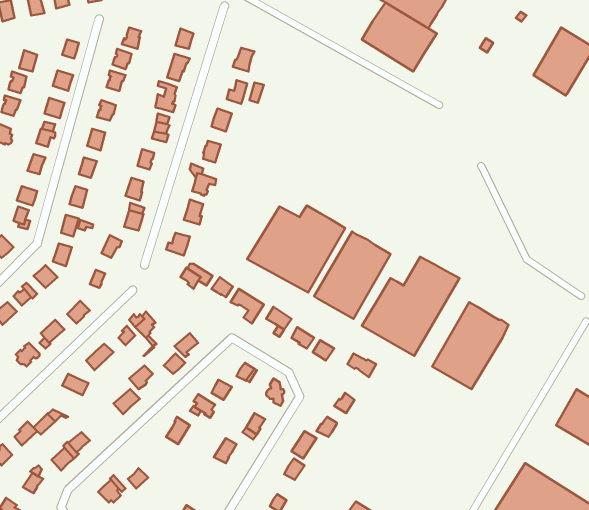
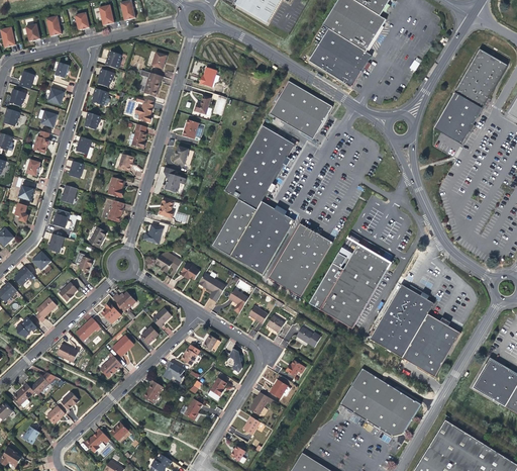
building: none -> [270,81,332,139]
building: none -> [432,91,482,147]
building: none -> [224,125,296,209]
building: none -> [402,313,459,376]
building: none -> [339,368,420,436]

